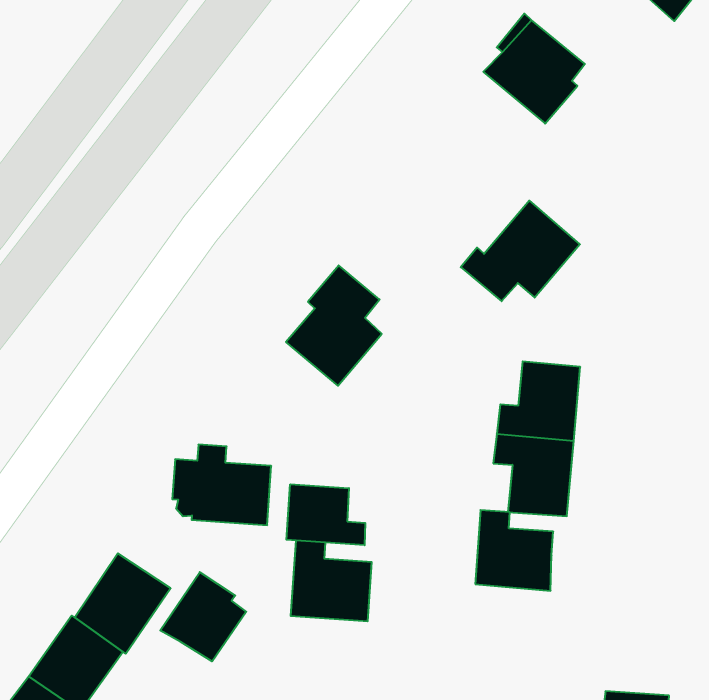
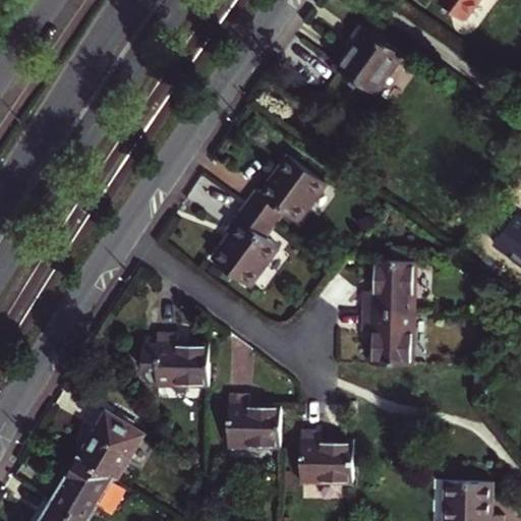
building: [461,201,580,301] -> [244,156,325,226]
building: [286,484,365,545] -> none
building: [475,510,553,591] -> [301,430,353,482]
building: [160,572,246,661] -> none

